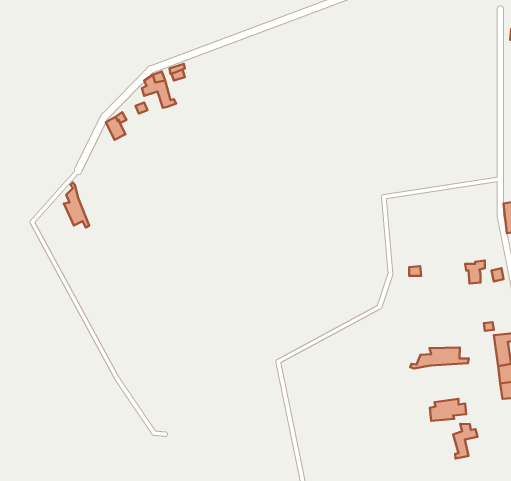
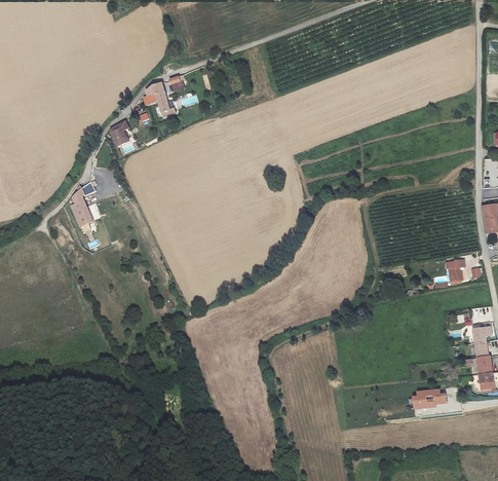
building: [410,347,469,368] -> none
building: [453,424,478,459] -> none

